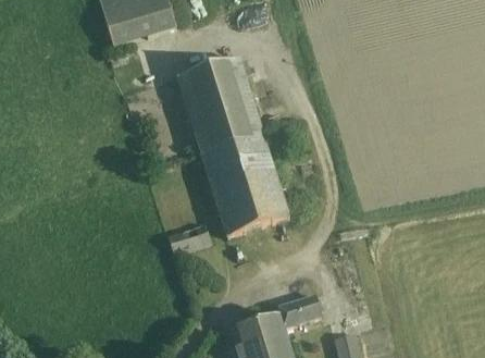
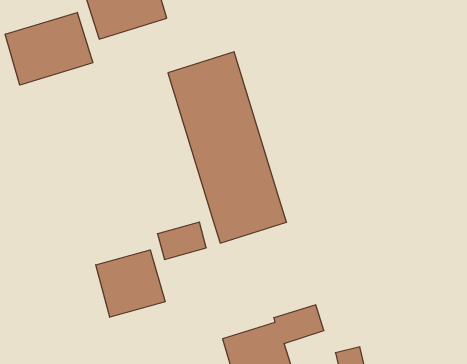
building: none -> [5,12,93,85]
building: none -> [96,250,165,317]

